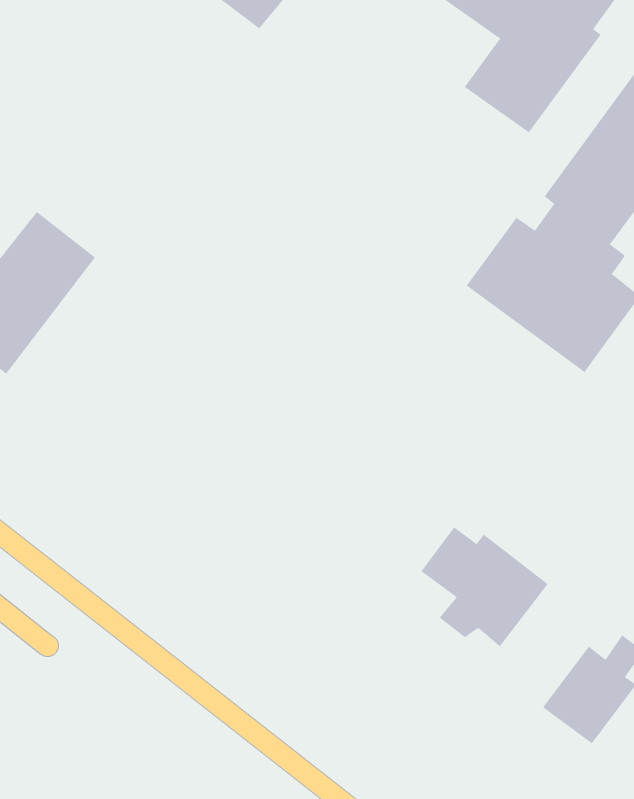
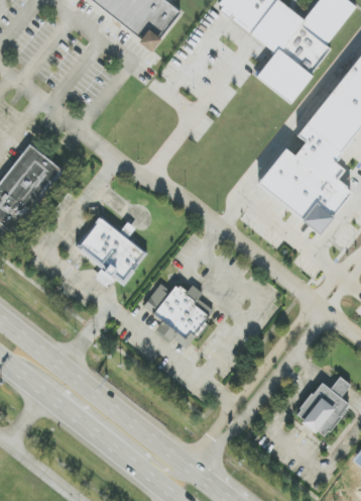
building: none -> [75,215,148,284]
building: [420,527,549,647] -> [144,281,214,346]

